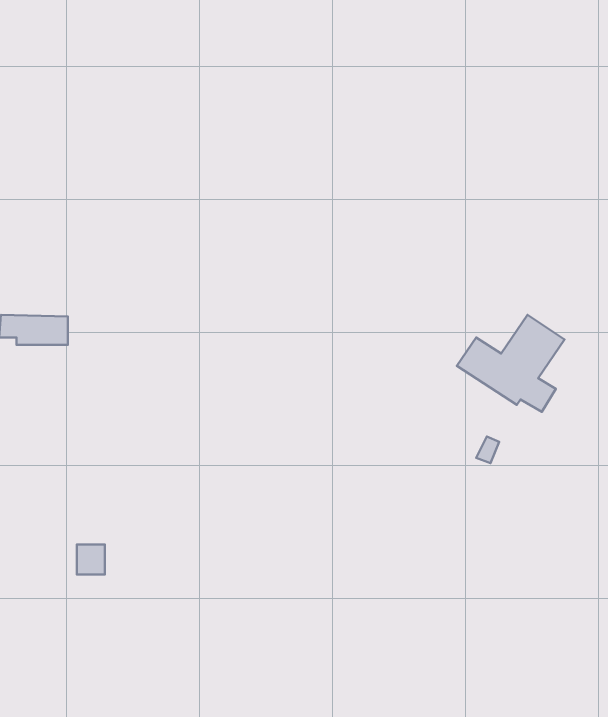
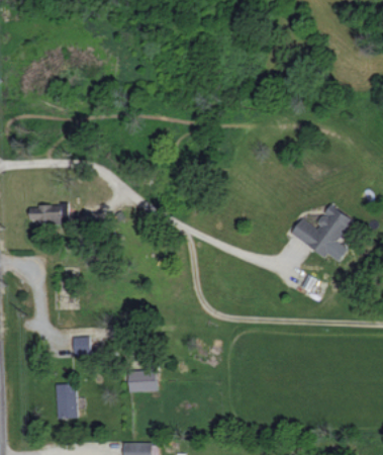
building: none -> [128,370,156,391]
building: none -> [56,383,78,418]

